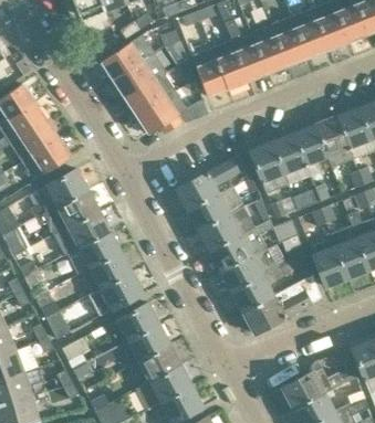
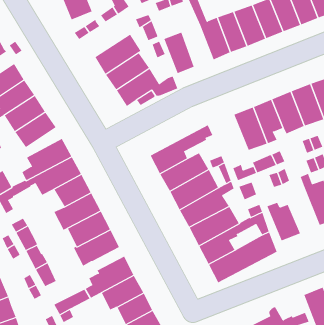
building: [101,33,154,77] -> none
building: [212,41,248,88] -> none
building: [249,142,288,192] -> none
building: [330,224,368,277] -> none

